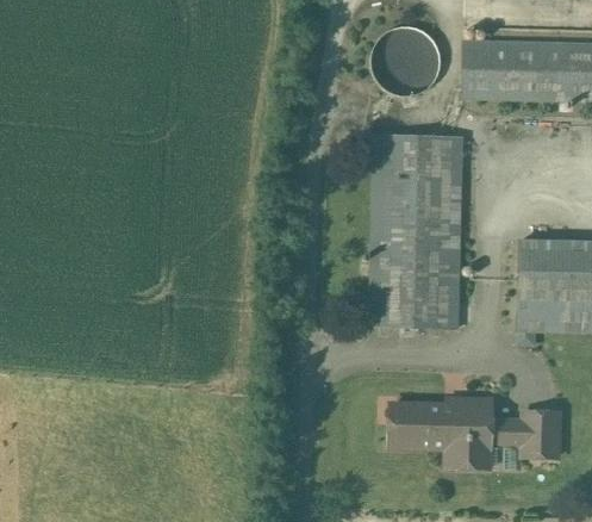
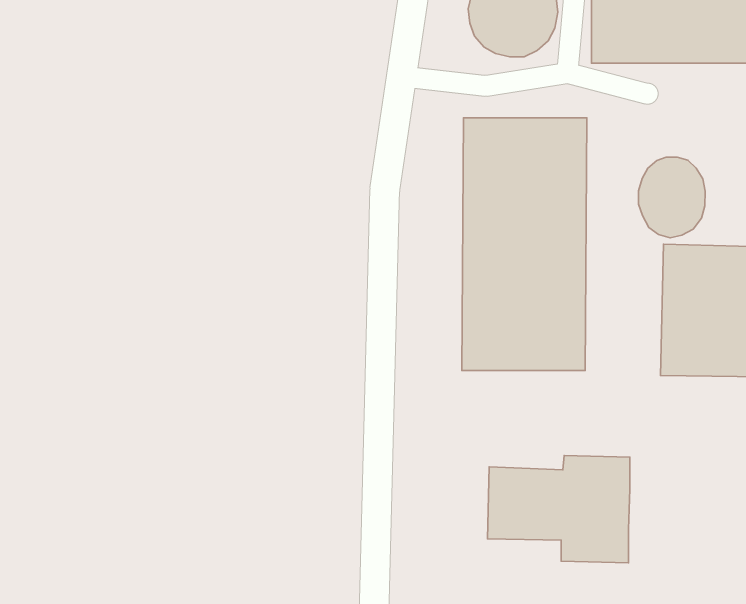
building: none -> [638,157,705,238]
building: [493,409,561,458] -> none

